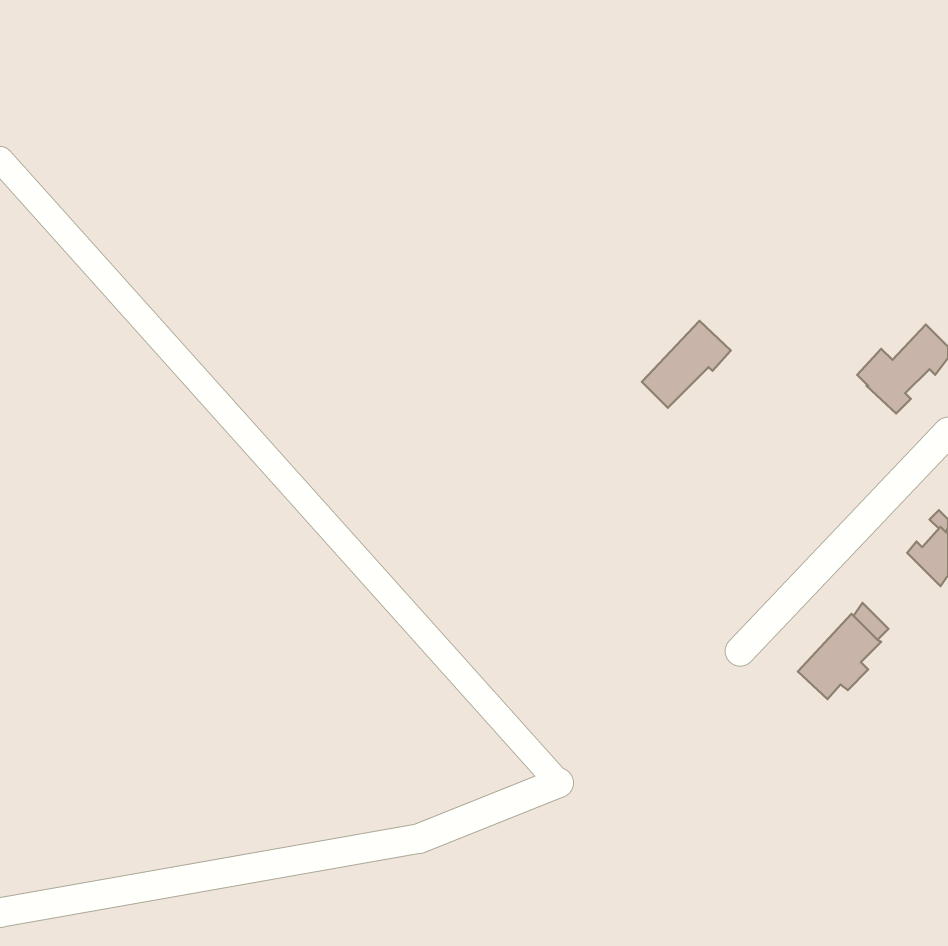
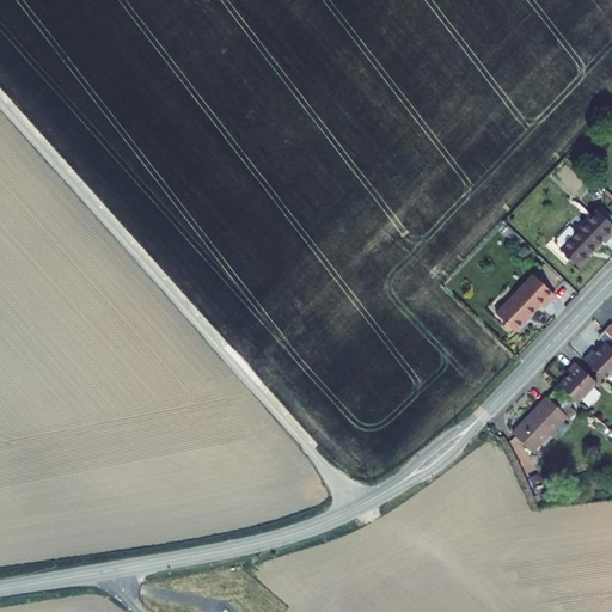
building: [642,321,731,408] -> [495,275,552,331]
building: none -> [556,363,598,402]

